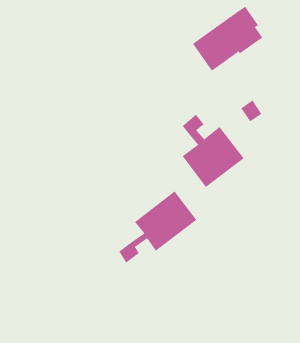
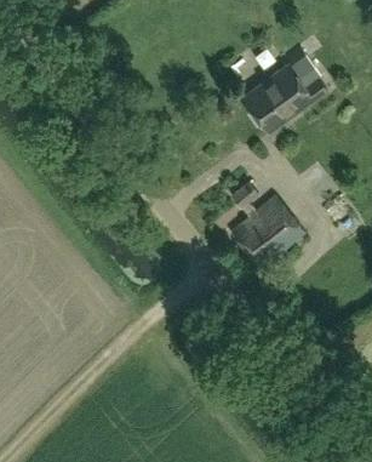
building: [118,190,197,264] -> none

